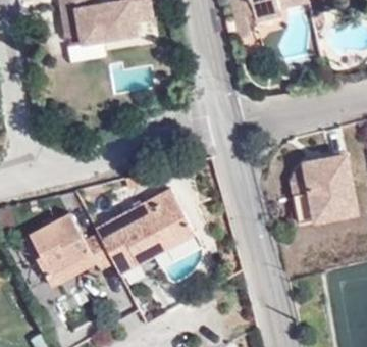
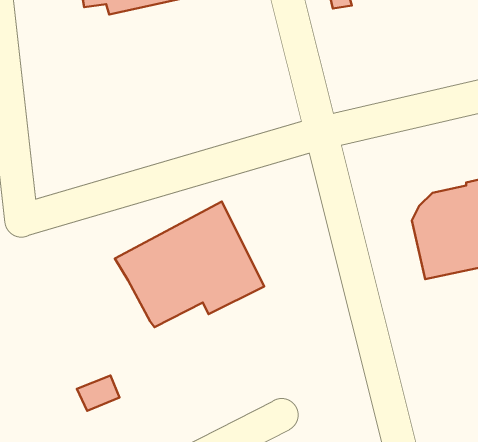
building: [29,215,109,279] -> none

